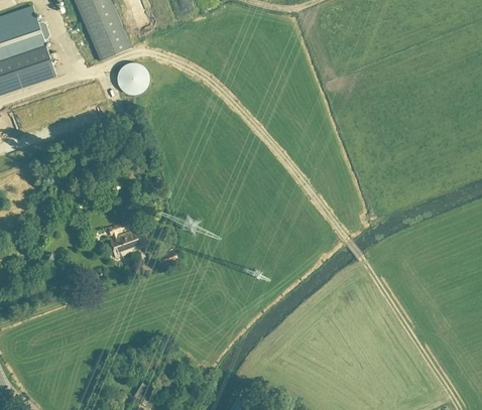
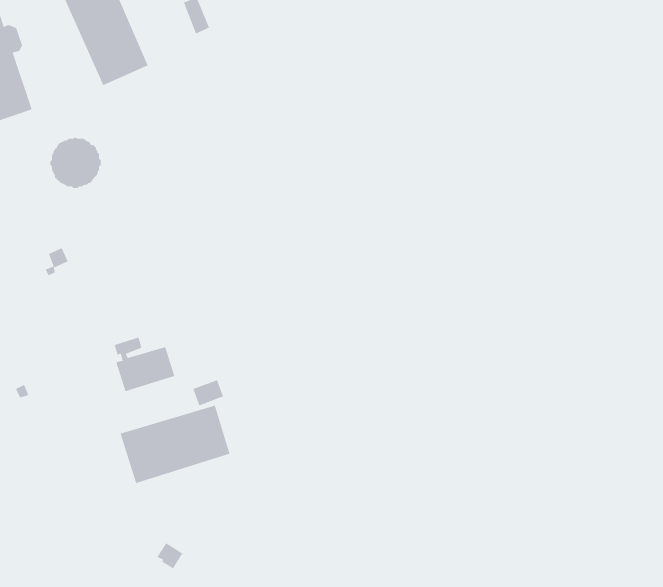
building: [116,61,149,95] -> [50,137,101,189]
building: none -> [120,405,230,484]

